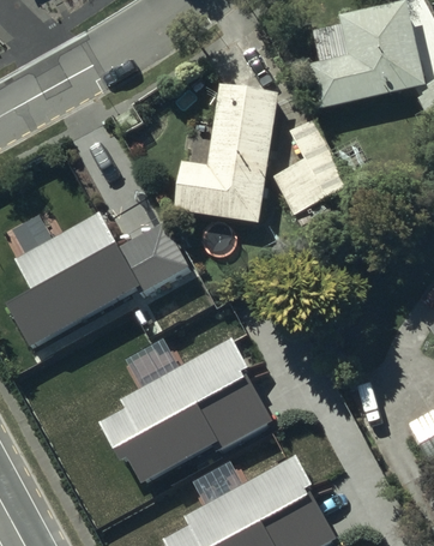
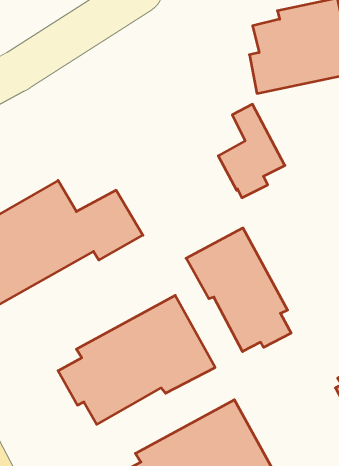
building: [176,91,281,229] -> none
building: none -> [186,228,291,352]

